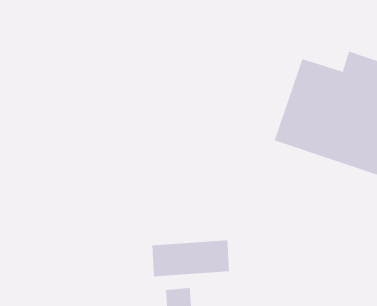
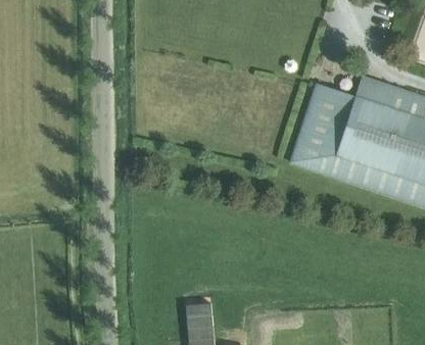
building: [152,239,230,277] -> none

